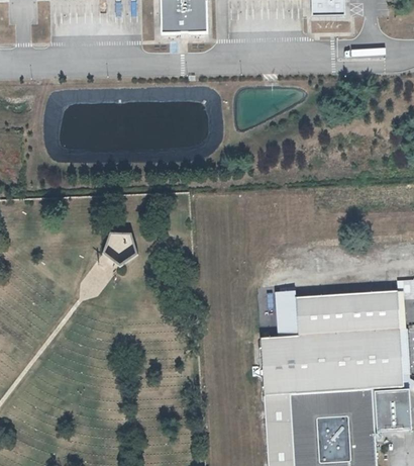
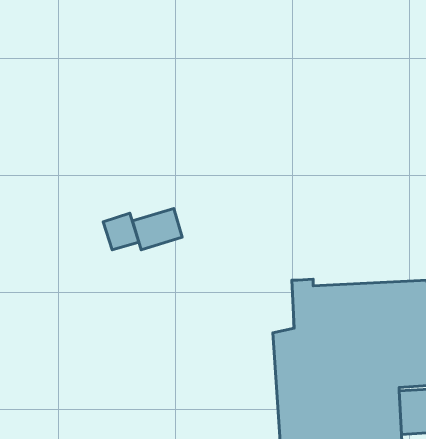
building: none -> [133,208,182,250]

